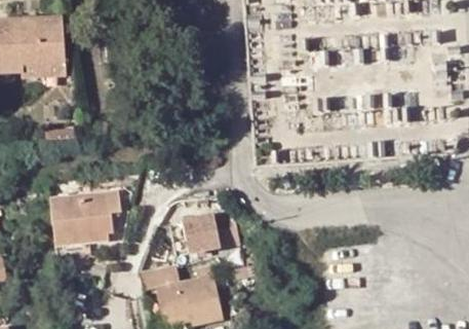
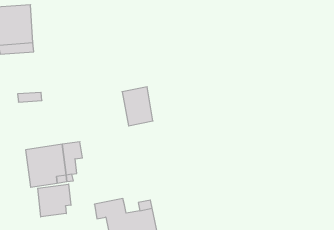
building: [181,203,220,252] -> [122,87,153,126]
building: none -> [38,184,71,217]

